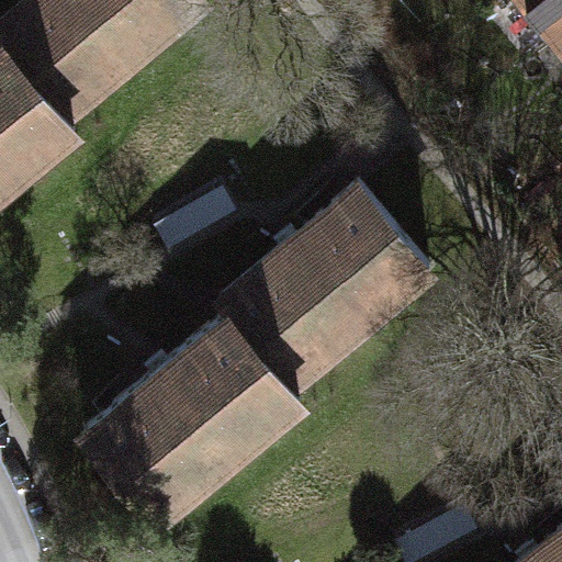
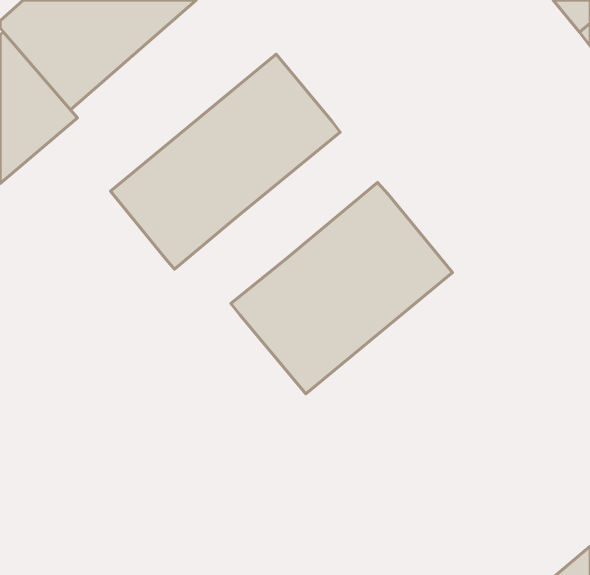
building: none -> [111,54,340,269]
building: [83,314,300,520] -> none

